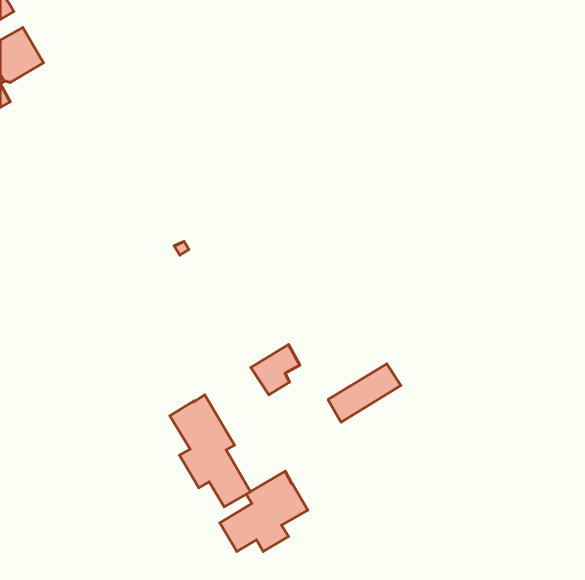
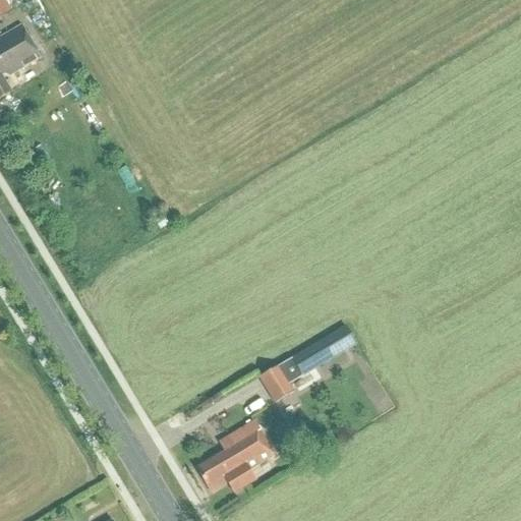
building: [251,344,300,395] -> [258,356,302,401]
building: [170,395,250,507] -> none

